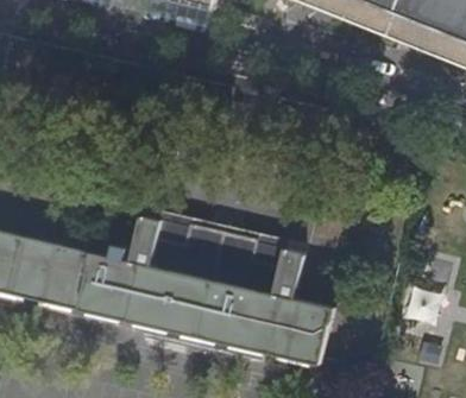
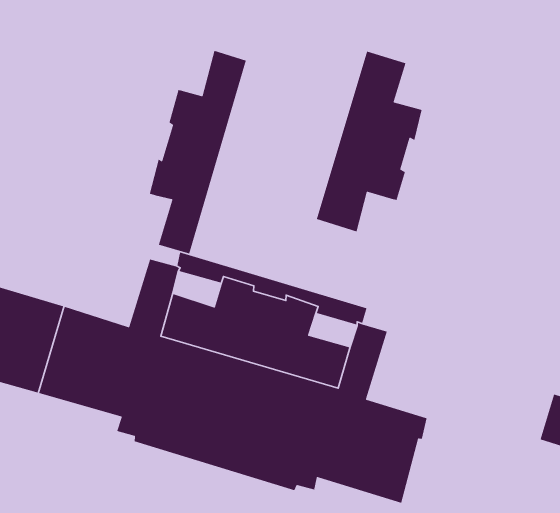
building: none -> [316,51,423,232]
building: none -> [149,50,247,255]

